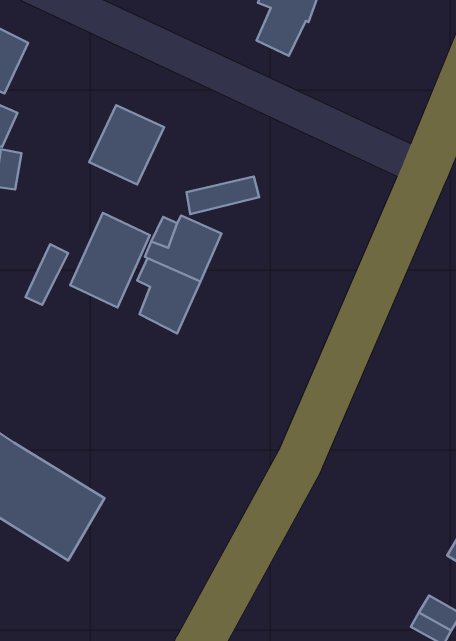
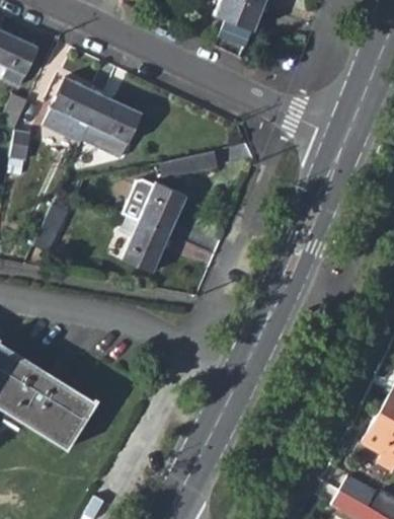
building: none -> [46,77,104,139]
building: [70,213,150,307] -> none

